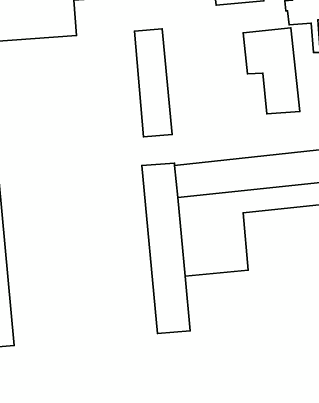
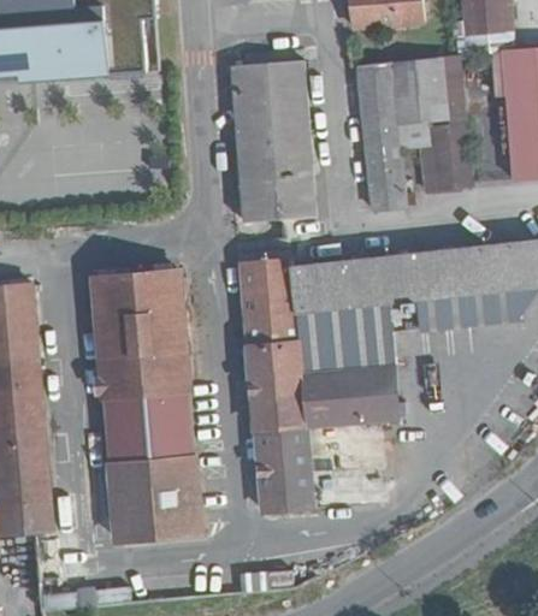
building: none -> [272,61,317,219]
building: none -> [357,64,404,209]
building: none -> [95,272,203,539]

